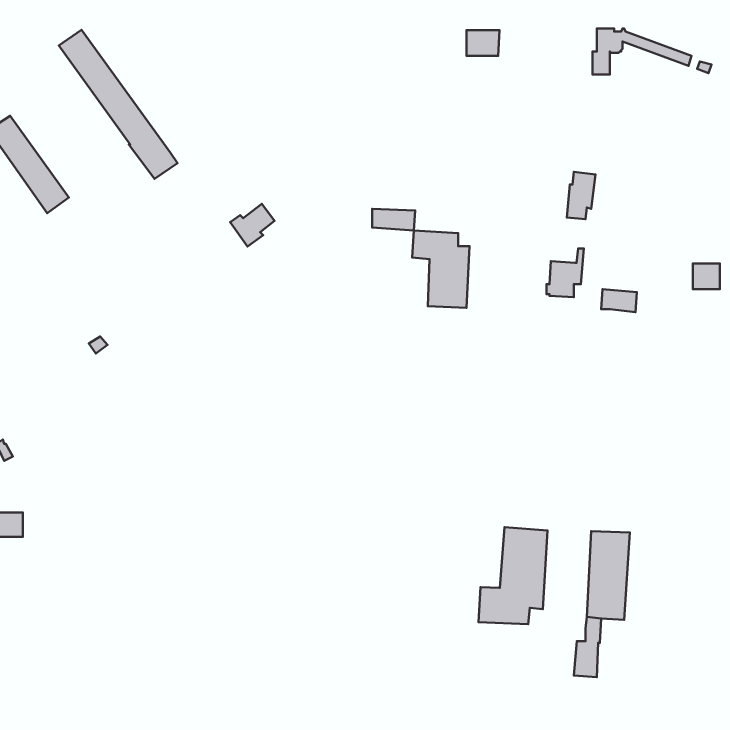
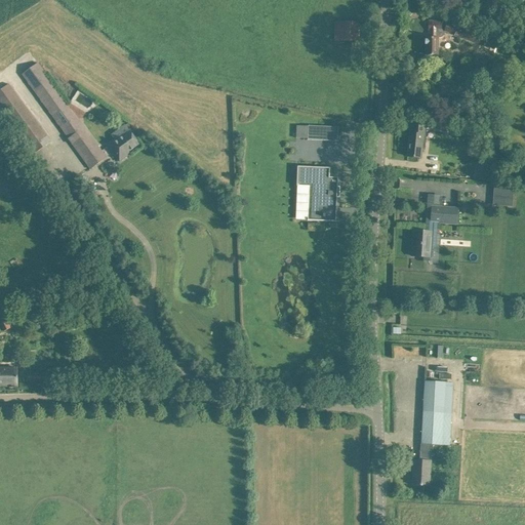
building: [59,30,178,179] -> [21,62,106,168]
building: [230,204,275,247] -> [106,130,137,161]
building: [372,209,415,230] -> [307,125,337,140]
building: [547,248,584,297] -> [410,221,437,256]
building: [479,527,548,624] -> none

